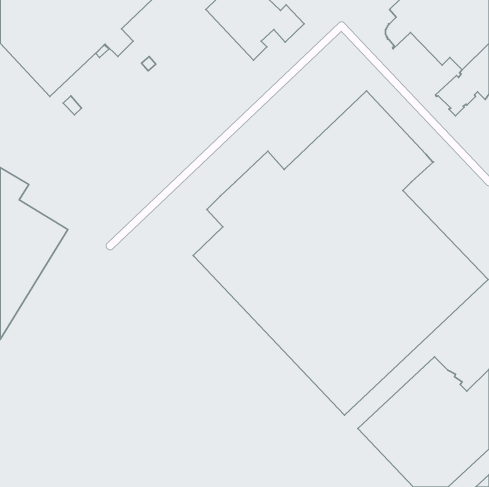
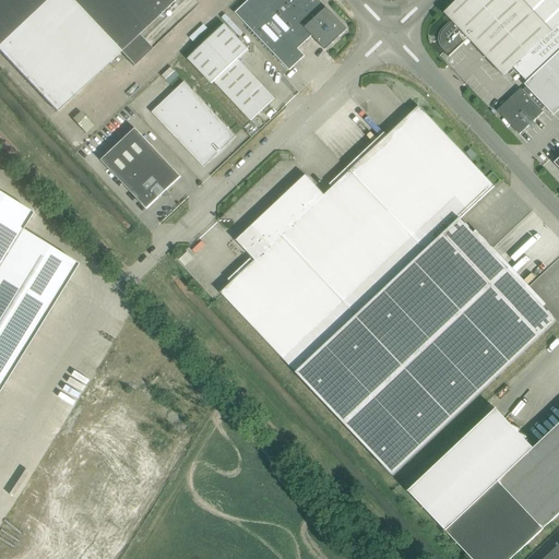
building: none -> [188,22,274,119]
building: none -> [152,80,236,165]
building: none -> [100,127,180,207]

